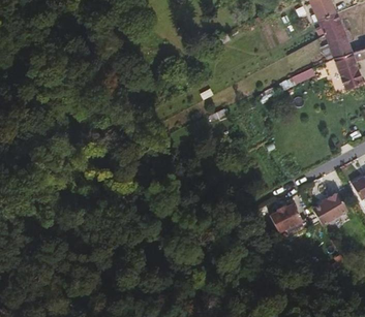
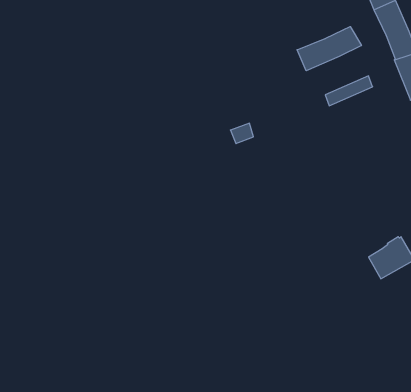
building: none -> [297,27,361,71]
building: [272,203,304,233] -> none

